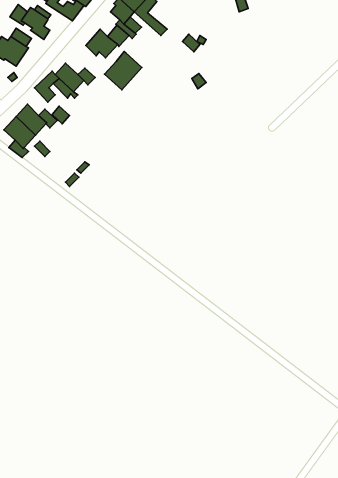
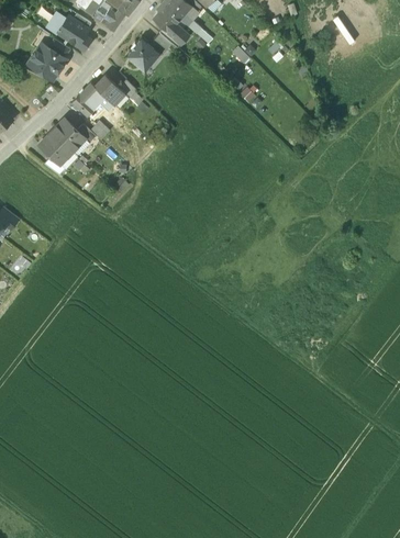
building: [104,52,142,90] -> none

